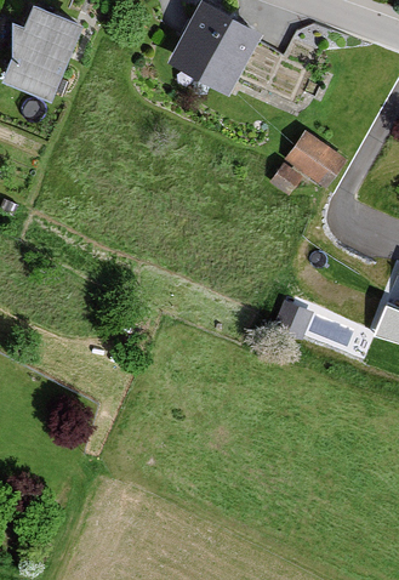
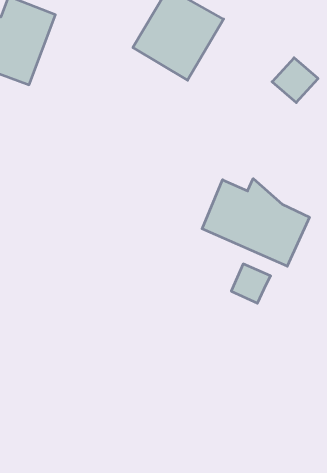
building: [286,130,337,180] -> [272,58,318,103]
building: none -> [202,179,309,266]

